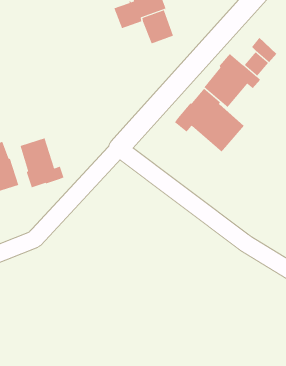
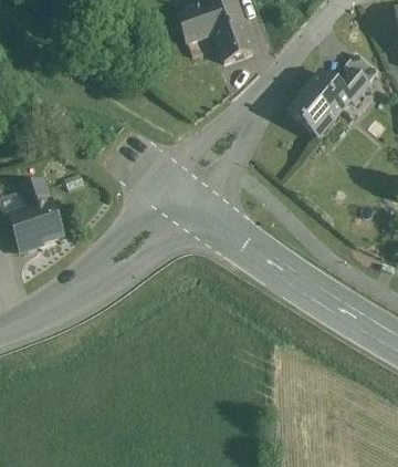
building: [174,88,245,153] -> none
building: [20,138,64,188] -> none

